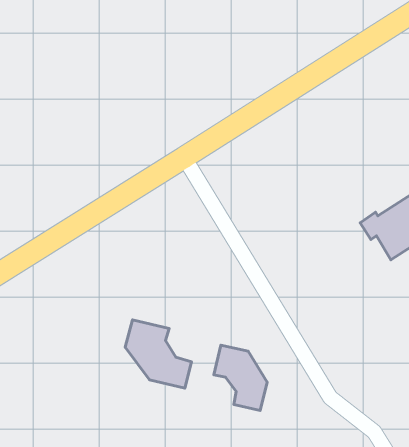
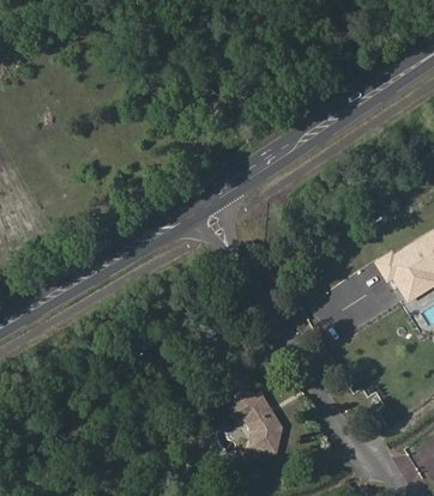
building: [125,320,192,388] -> none

